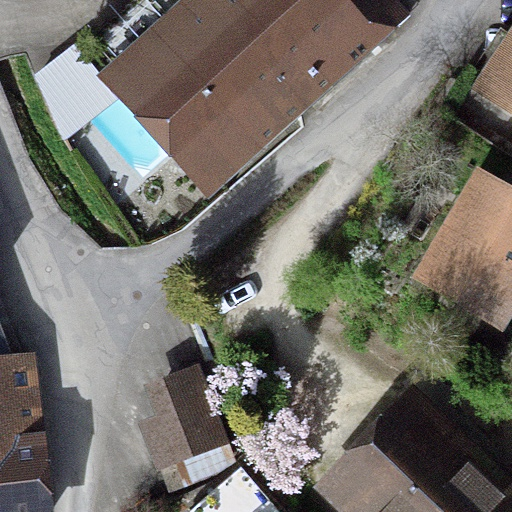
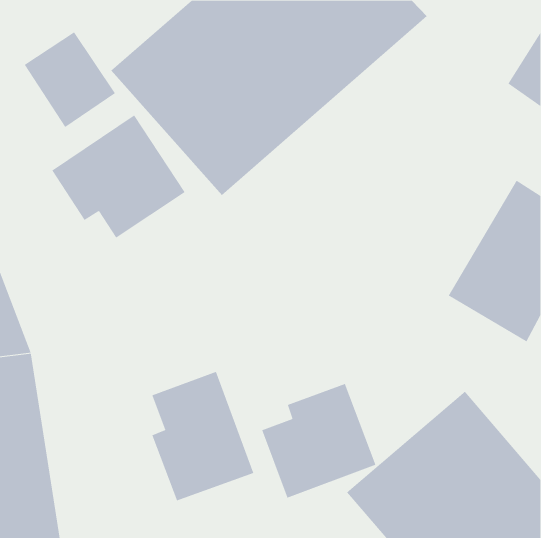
building: none -> [52,115,186,238]
building: none -> [261,383,376,498]

